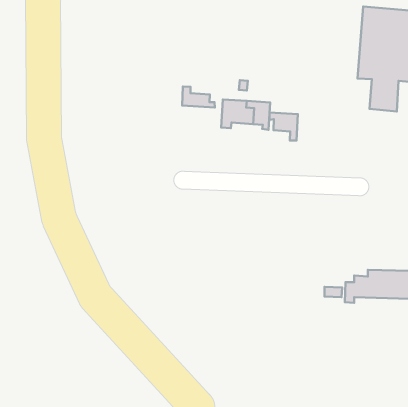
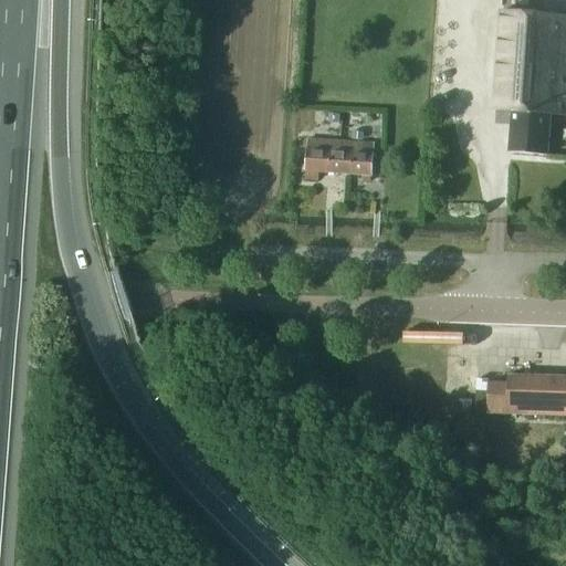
building: [182,87,215,107] -> none
building: [270,112,298,140] -> none

